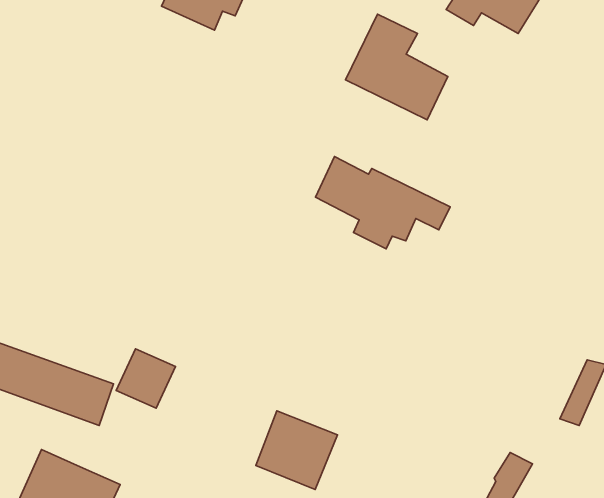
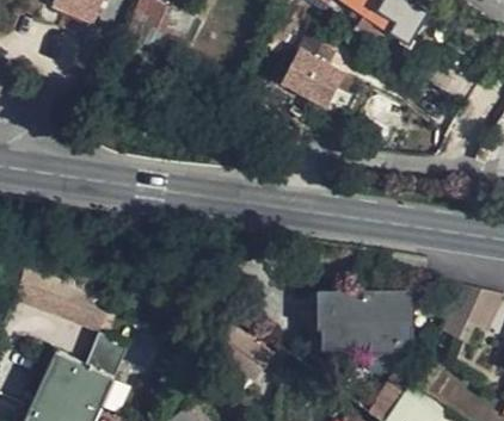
building: [315,157,450,249] -> none
building: [116,349,175,408] -> [81,336,125,380]
building: none -> [315,296,408,347]

